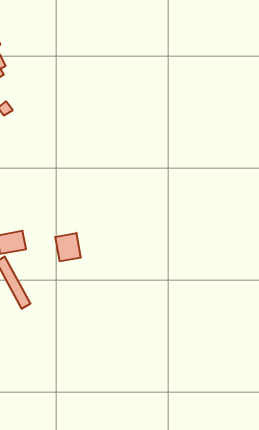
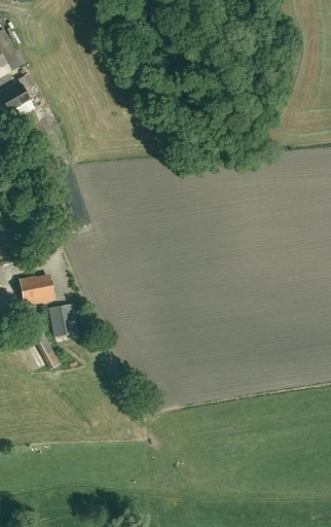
building: [55,233,81,261] -> [48,303,78,336]

